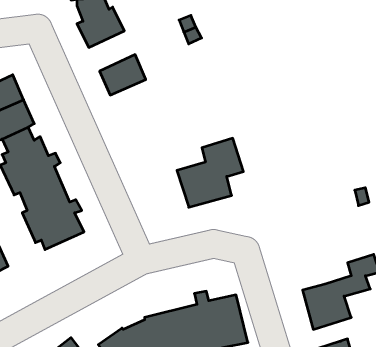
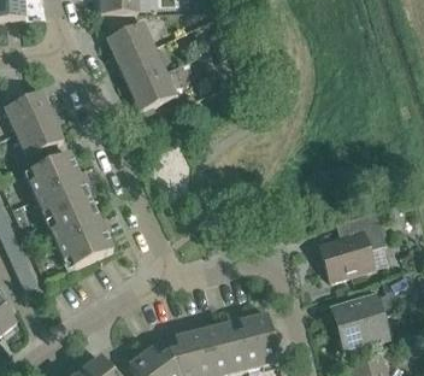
building: none -> [118,47,165,88]
building: [177,138,243,207] -> [318,212,385,282]

